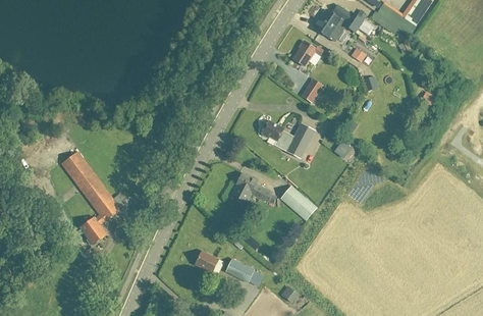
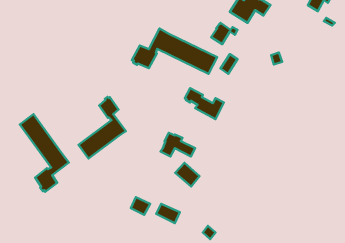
building: none -> [132,28,217,74]
building: none -> [79,97,126,158]
building: [286,191,316,219] -> [175,163,200,186]

